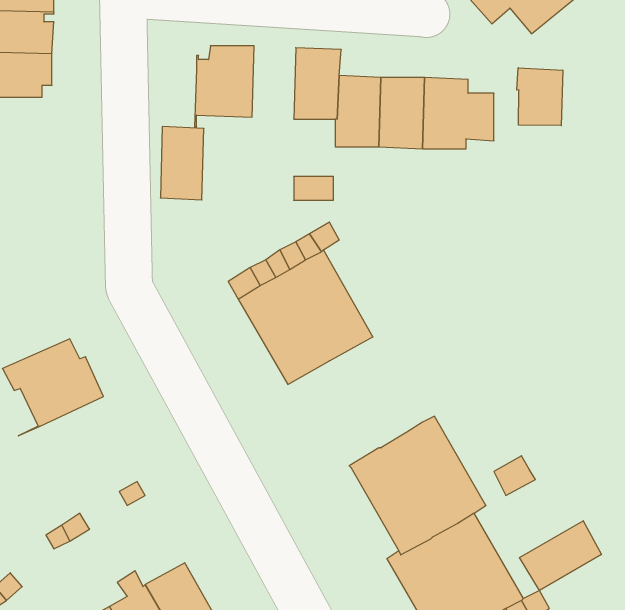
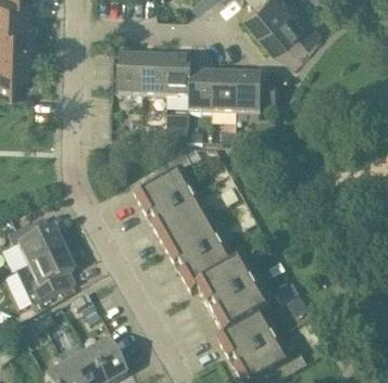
building: [517,68,563,126] -> none
building: [160,127,204,200] -> [143,55,167,95]
building: none -> [163,215,237,291]
building: none -> [15,247,75,301]
building: [519,521,601,591] -> none

